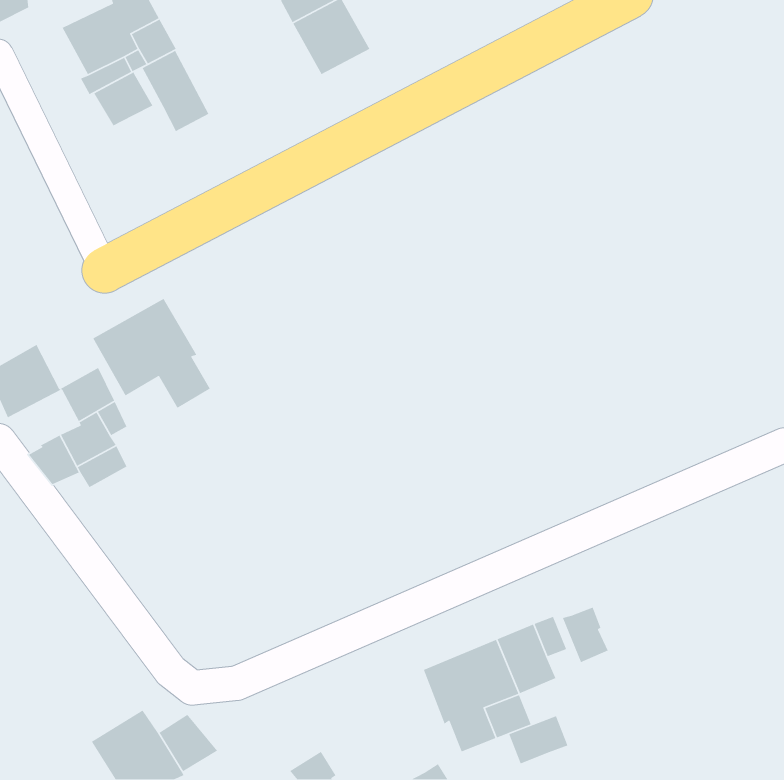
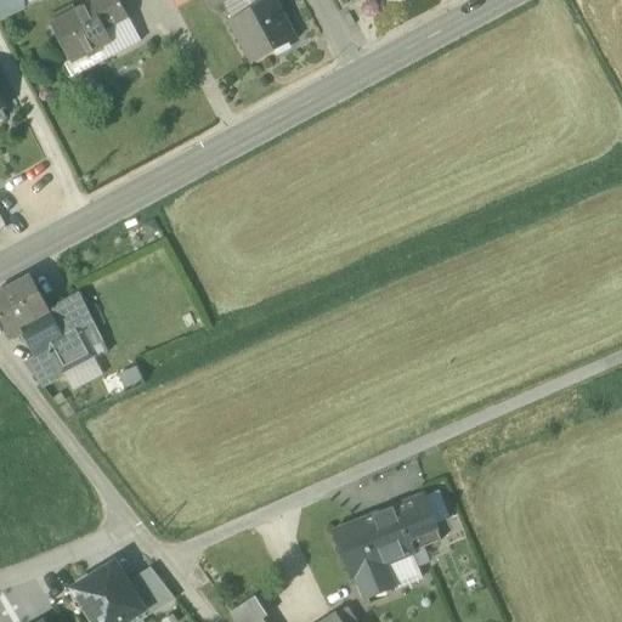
building: [141,50,210,132] -> none
building: [93,71,153,126] -> none
building: [92,298,211,409] -> none
building: none -> [7,309,63,352]
building: [562,607,609,663] -> none
building: [508,715,568,765] -> none

